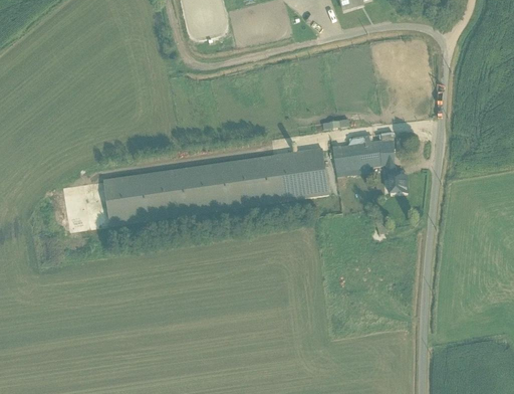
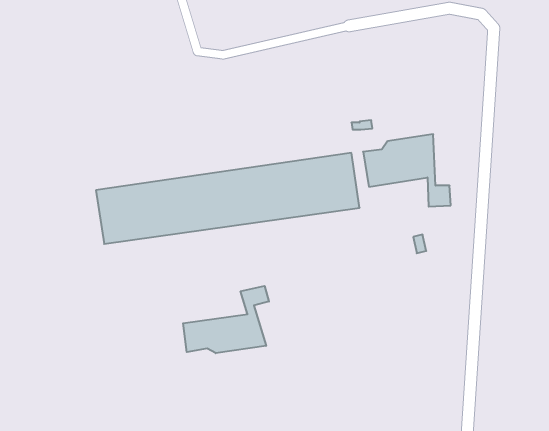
building: none -> [183,286,269,353]

